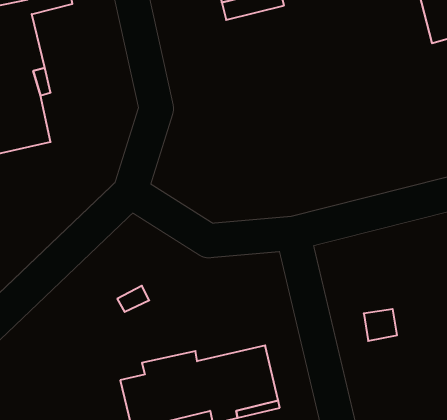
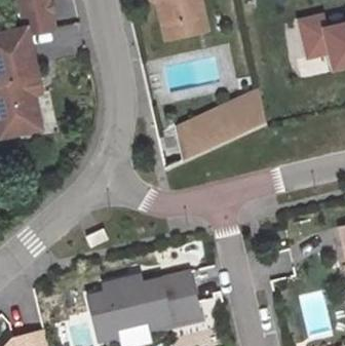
building: none -> [176,90,267,160]

